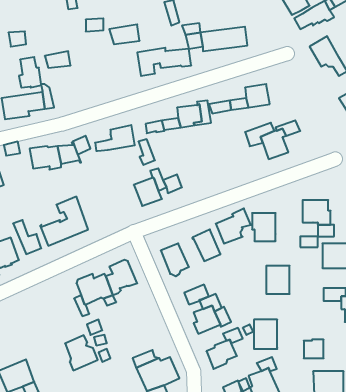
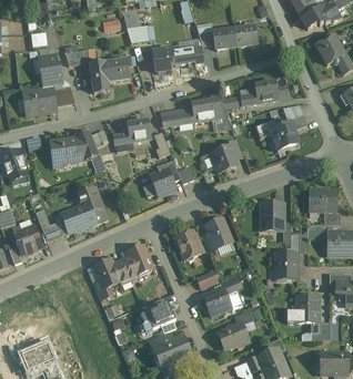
building: none -> [89,60,129,92]
building: [216,208,251,244] -> [209,139,242,172]
building: [254,320,277,349] -> [295,295,317,322]
building: [65,335,98,370] -> [144,297,175,330]

